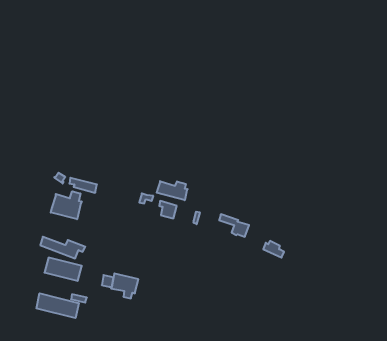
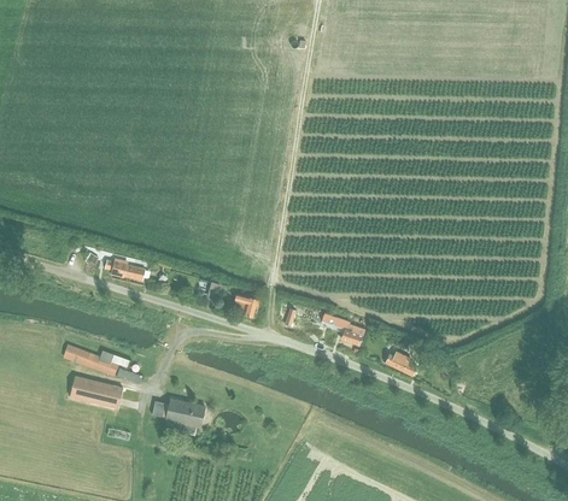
building: [157,181,188,200] -> none
building: [51,191,82,219] -> none
building: [36,293,79,318] -> none

